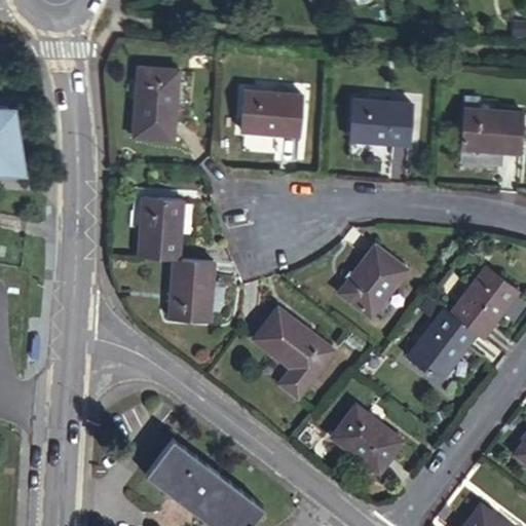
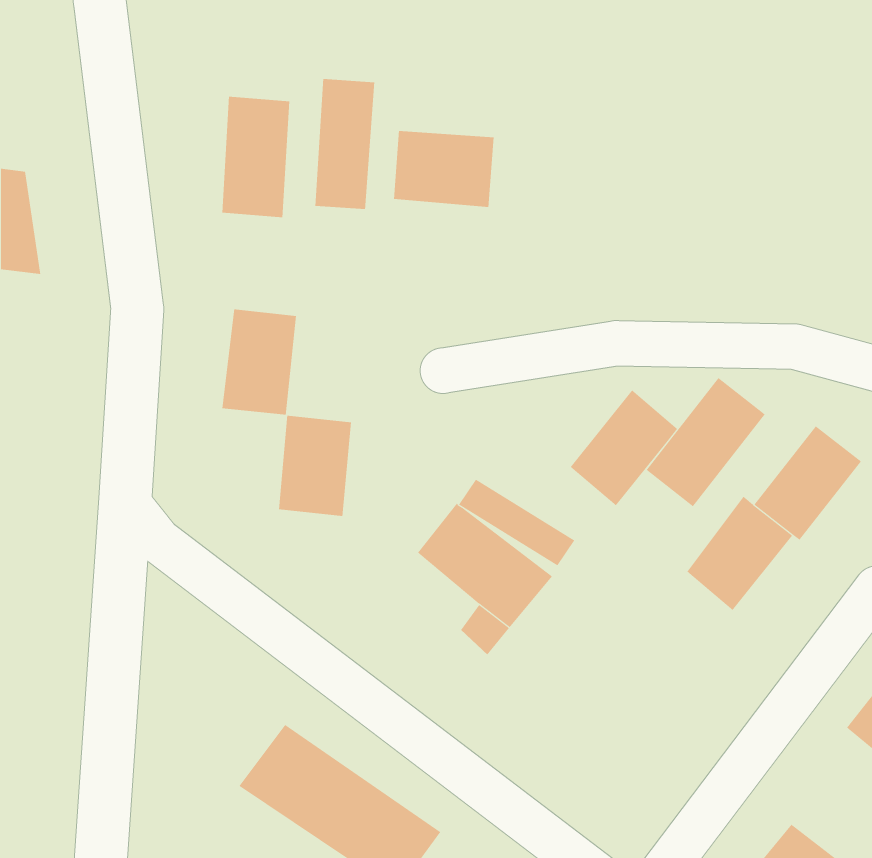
building: none -> [315,78,375,210]
building: [346,98,410,142] -> none
building: [458,106,520,151] -> none
building: none -> [646,377,766,507]
building: [331,409,402,476] -> none

